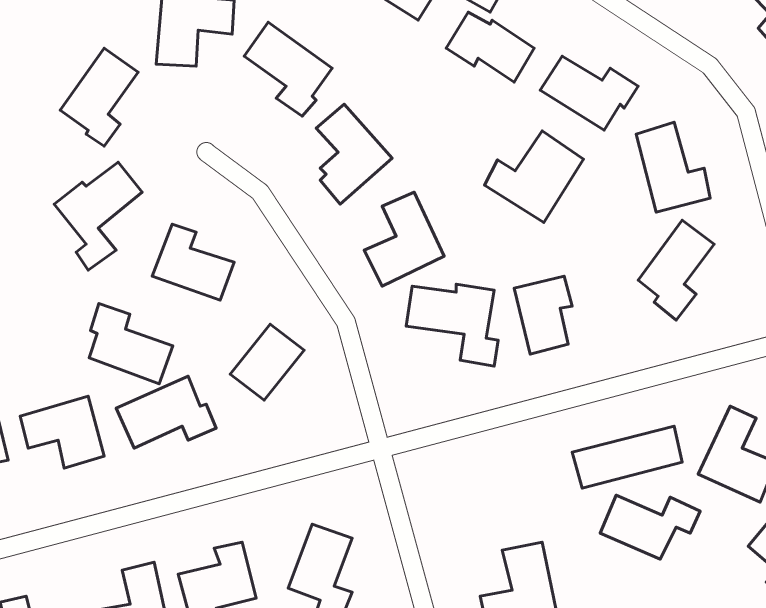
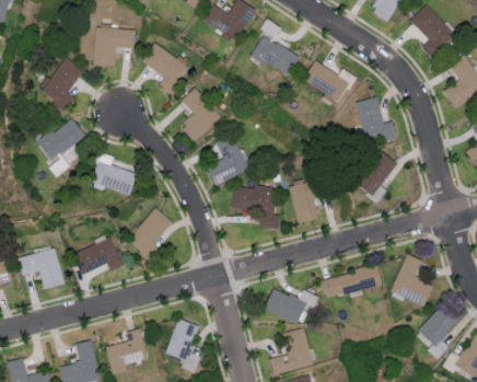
building: [484,131,584,222] -> none
building: [89,303,173,384] -> none
building: [600,495,700,559] -> [264,288,318,323]

